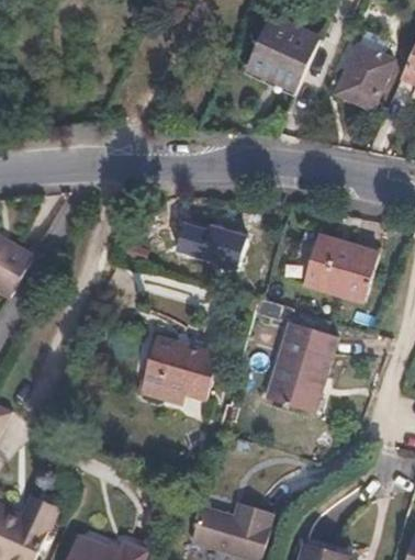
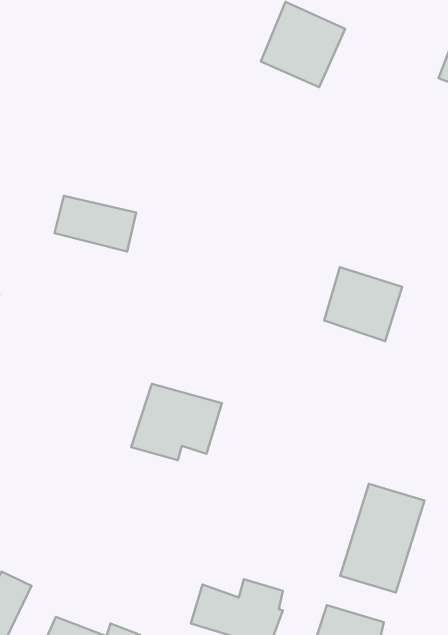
building: [338,44,394,108] -> none
building: [172,220,242,267] -> [55,196,136,251]
building: [268,321,339,413] -> [340,484,424,593]

